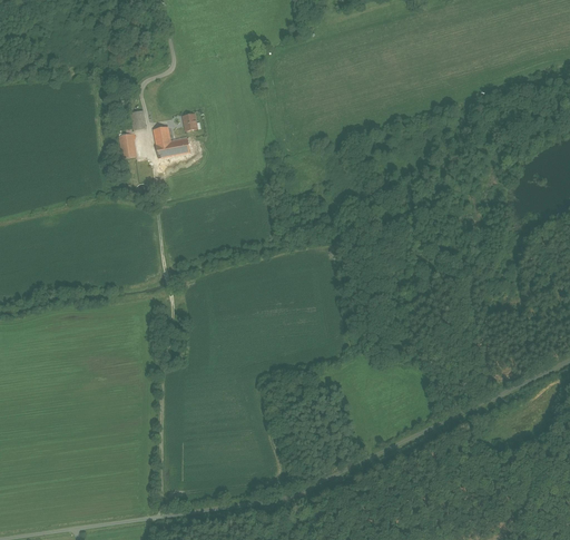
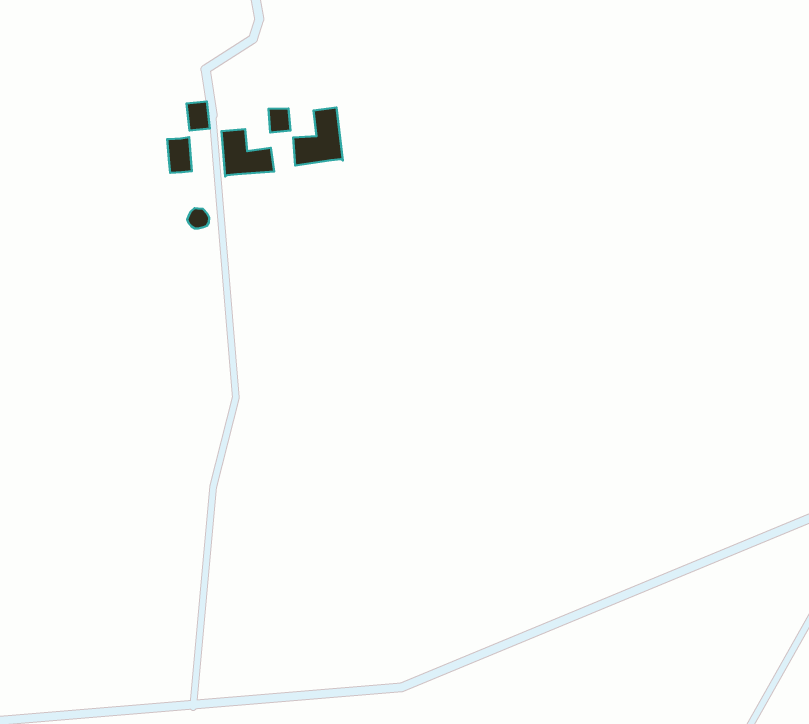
building: none -> [293,107,343,165]

